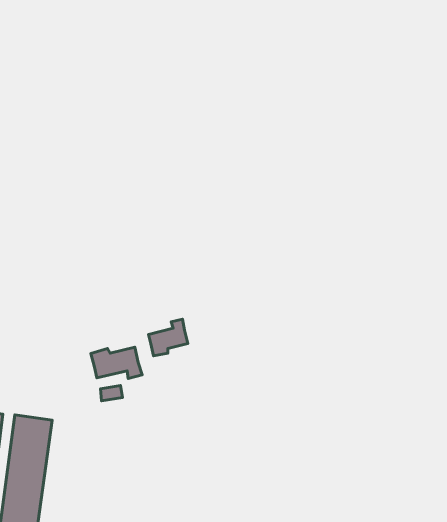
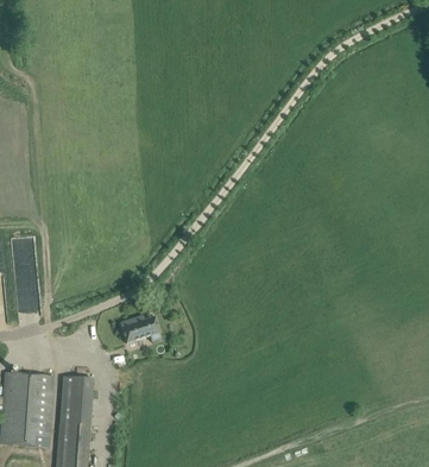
building: [148,319,188,356] -> none

